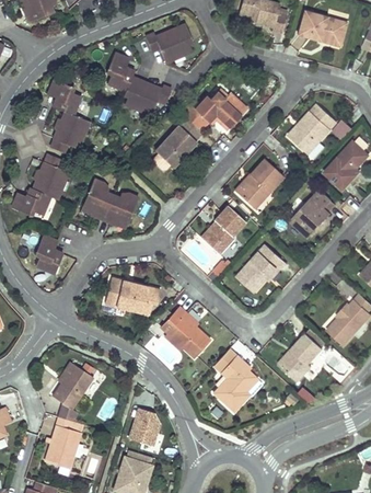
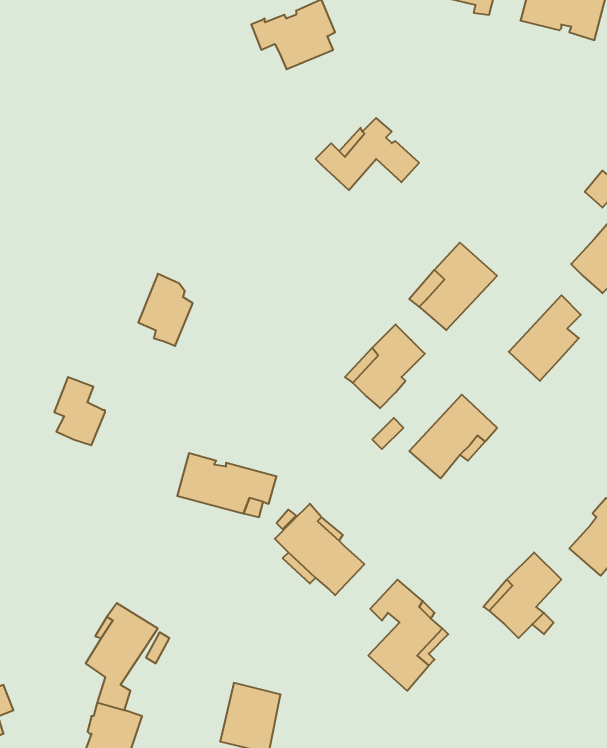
building: [105,53,171,115] -> none
building: [47,79,89,153] -> none
building: [288,103,336,153] -> none
building: [154,116,201,167] -> none
building: [11,153,68,216] -> none
building: [103,192,140,225] -> none

